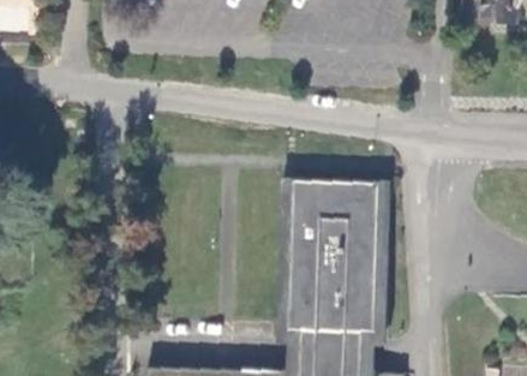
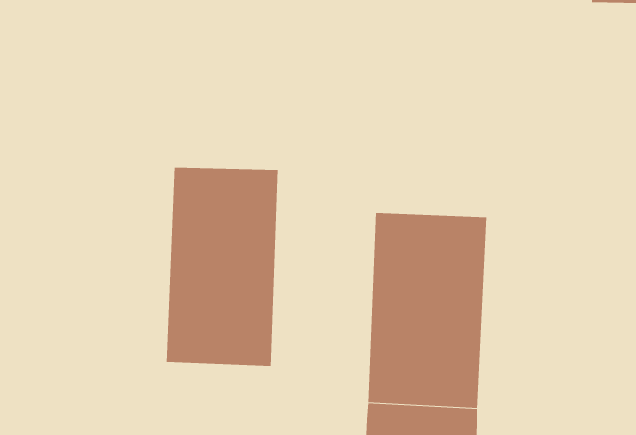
building: none -> [166,167,278,367]

